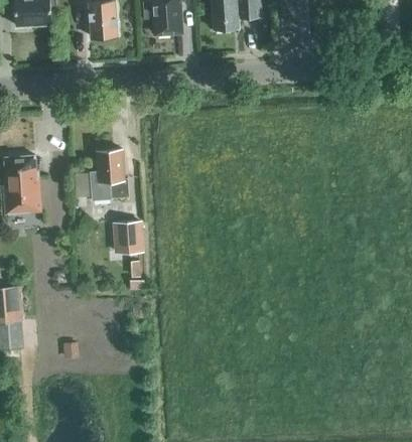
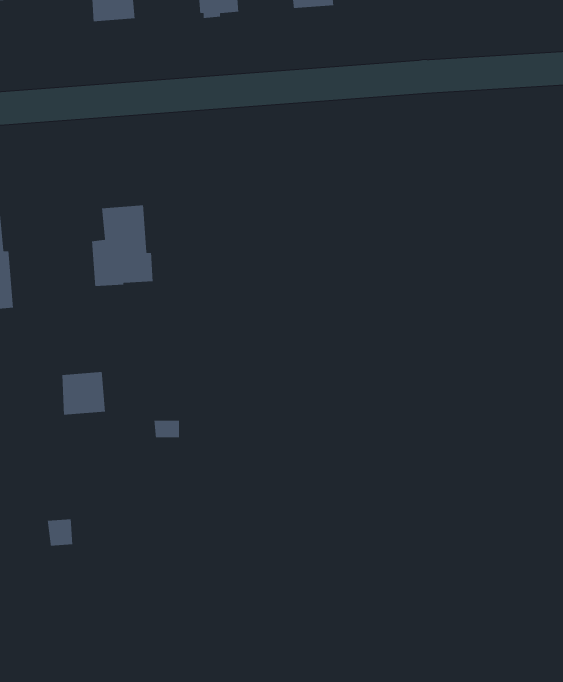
building: [111,222,138,249] -> [61,371,106,415]

